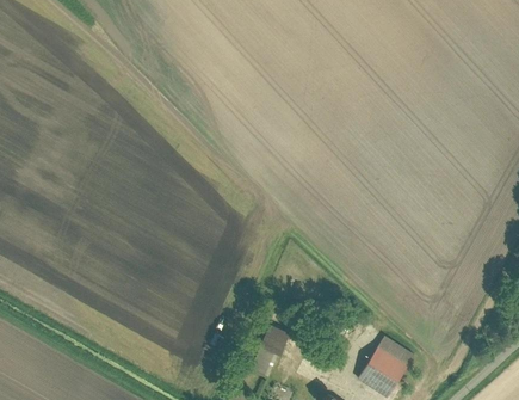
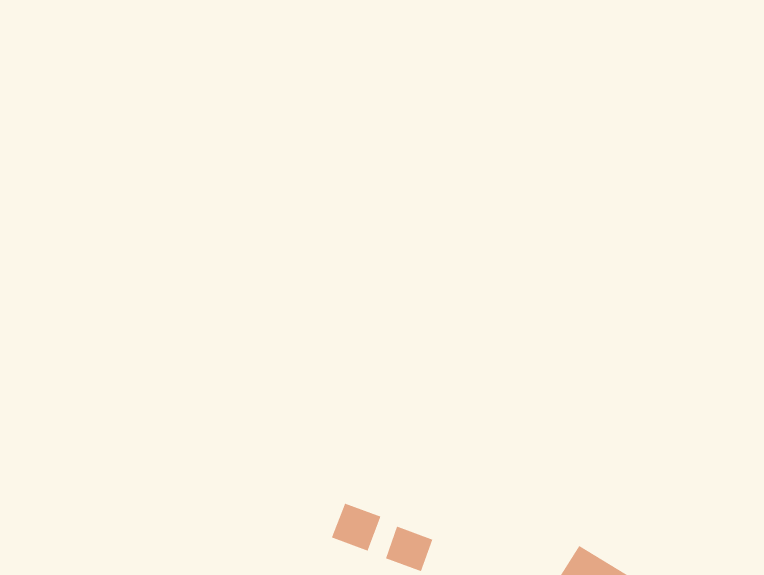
building: none -> [331,503,381,551]

